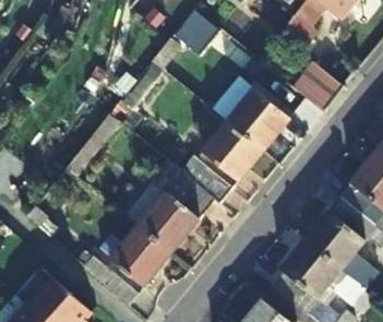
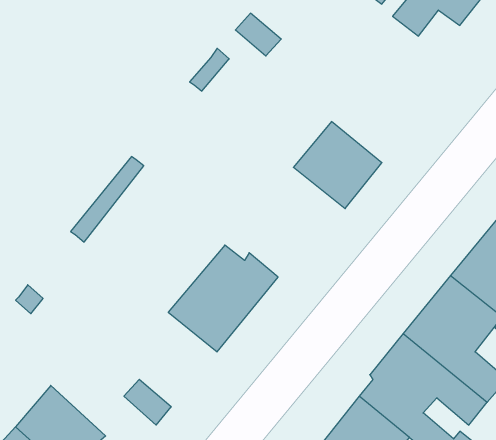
building: [289,61,343,112] -> none
building: [181,122,263,205] -> none
building: [97,226,171,288] -> none

